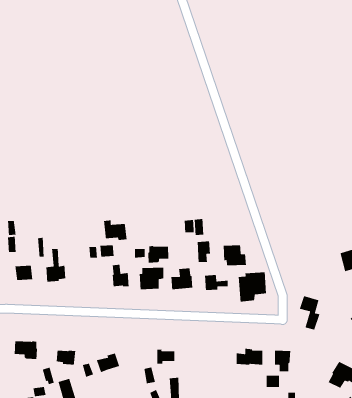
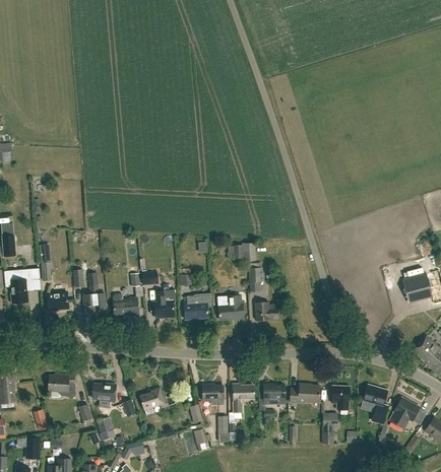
building: [103,219,127,241] -> [112,293,138,317]
building: [223,245,247,266] -> none
building: [148,245,169,263] -> none
building: [238,271,267,302] -> none
building: [299,295,320,330] -> [364,386,387,424]
building: none -> [234,384,253,412]
building: none -> [263,384,284,404]

